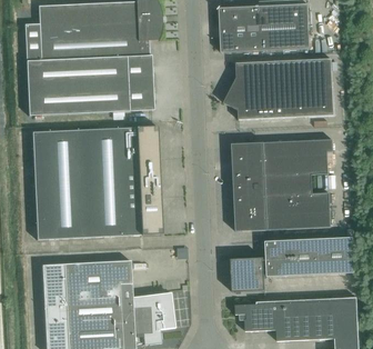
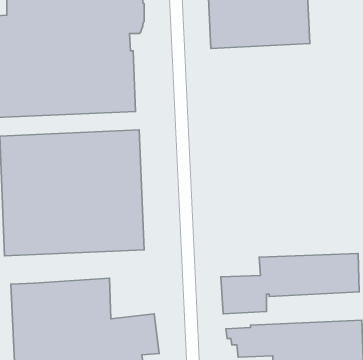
building: [223,58,333,119] -> none
building: [231,138,332,230] -> none

